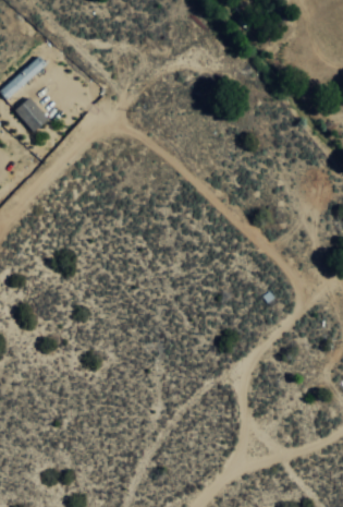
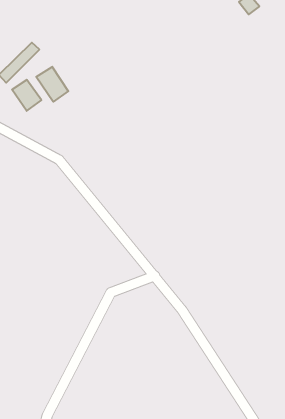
building: none -> [36,67,68,102]

